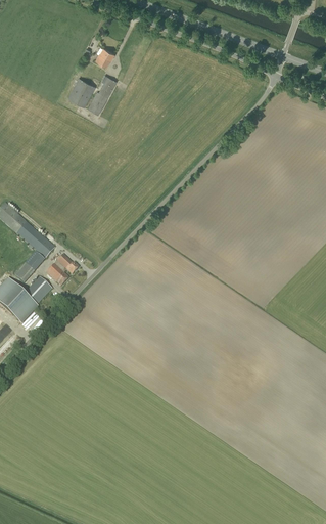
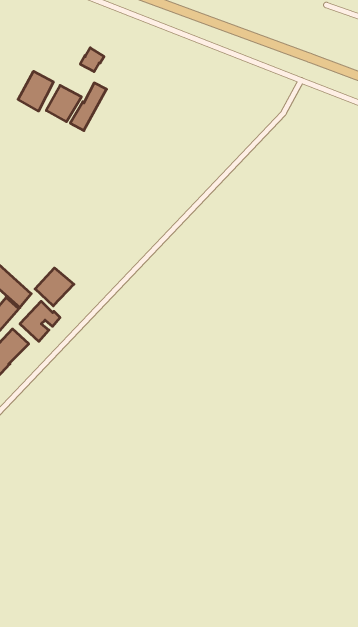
building: none -> [18,71,53,111]
building: none -> [35,268,74,306]

